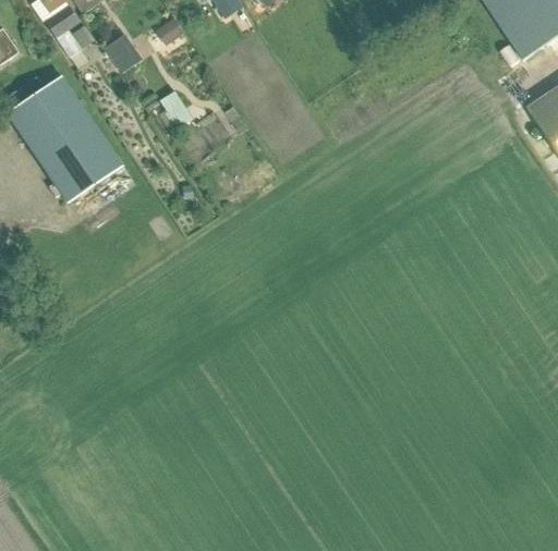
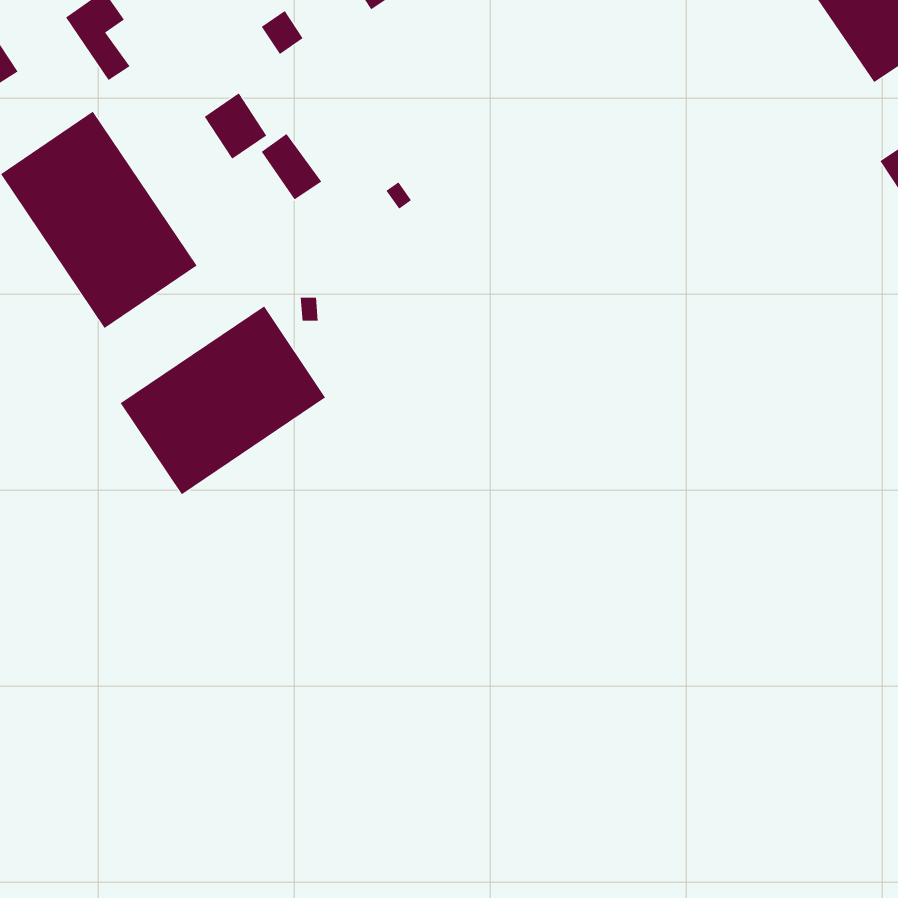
building: [106,33,143,72] -> [204,93,267,160]
building: none -> [120,306,326,495]

